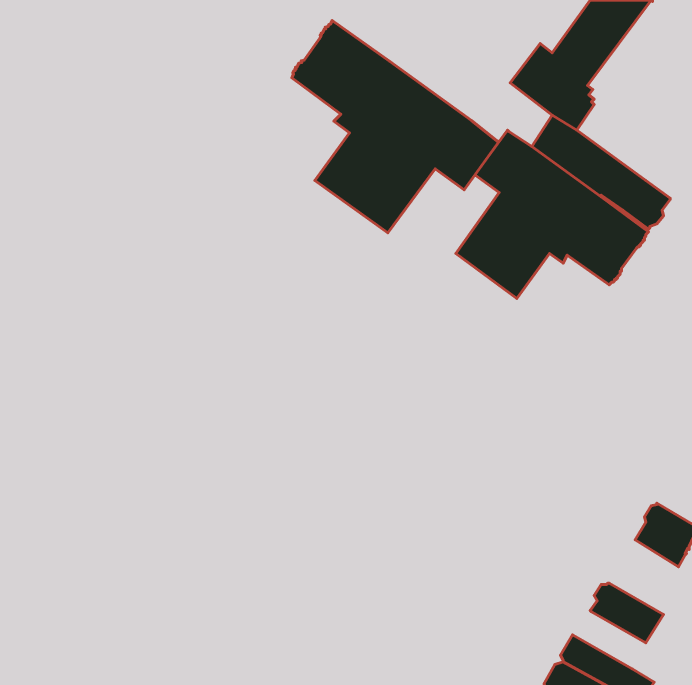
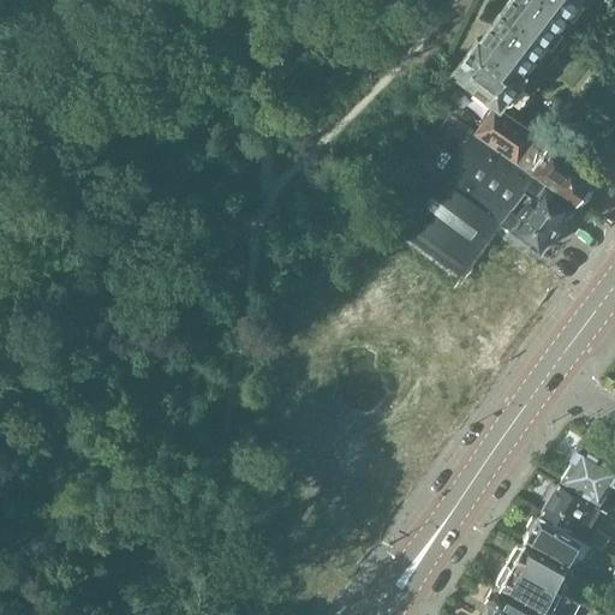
building: [292,21,499,233] -> none
building: none -> [541,490,609,551]
building: none -> [508,549,573,599]

